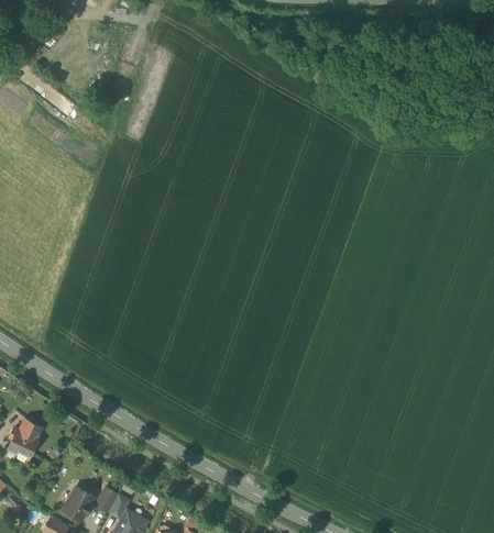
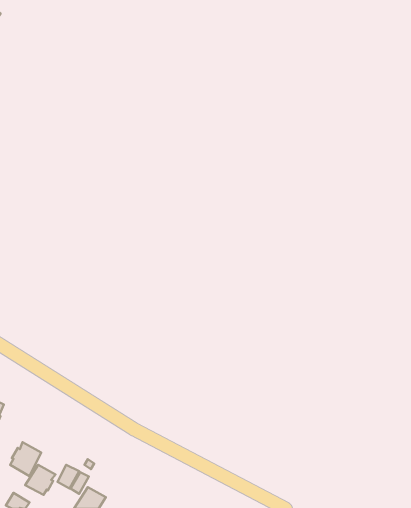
building: none -> [10,442,41,476]

